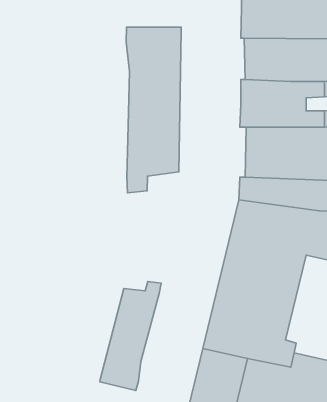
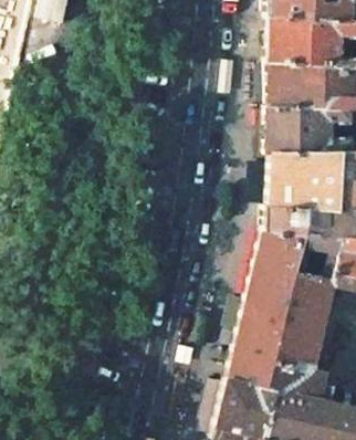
building: [126,27,181,193] -> none
building: [100,281,161,391] -> none

